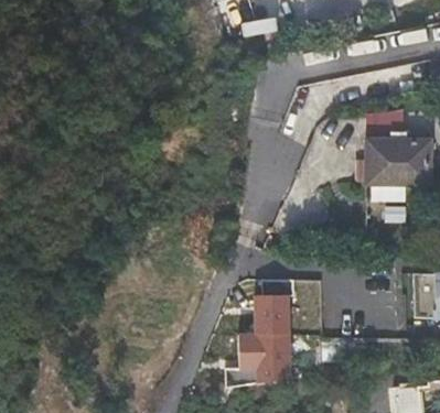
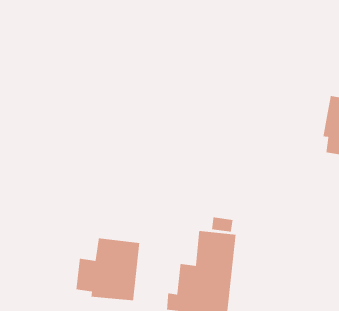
building: none -> [75,237,140,301]

